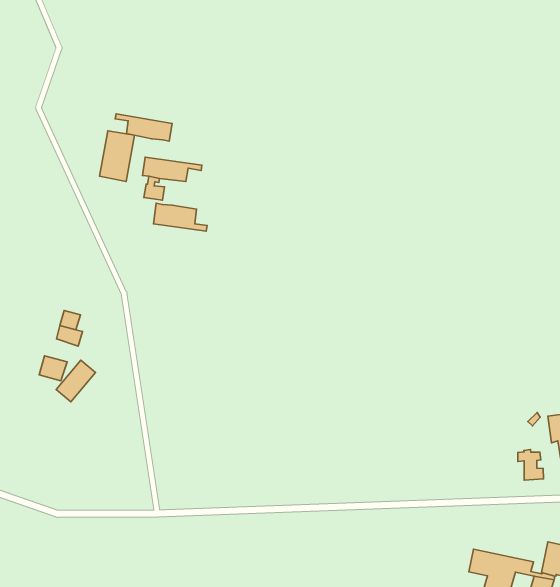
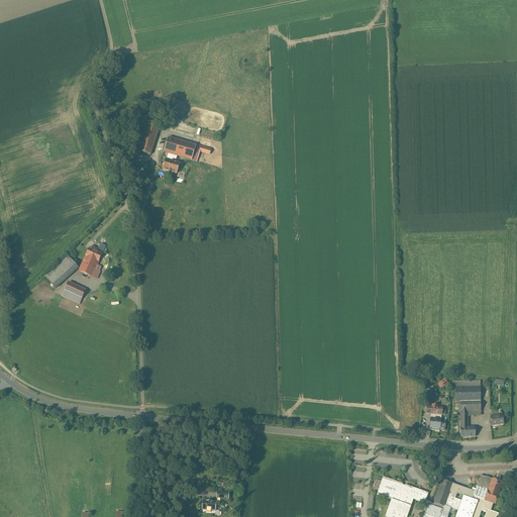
building: [115,114,172,141] -> none
building: [153,203,207,231] -> none
building: [56,360,96,402] -> [45,256,78,288]

